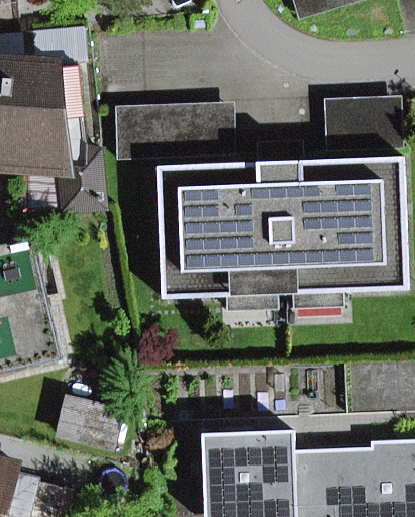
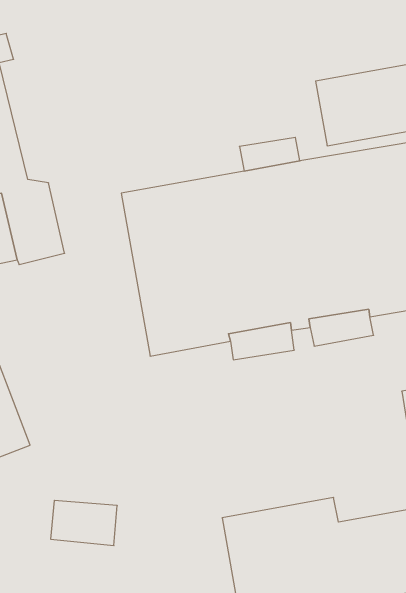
building: [114,103,234,160] -> none

